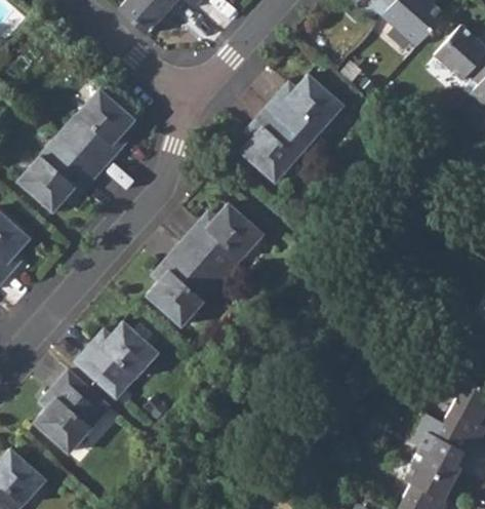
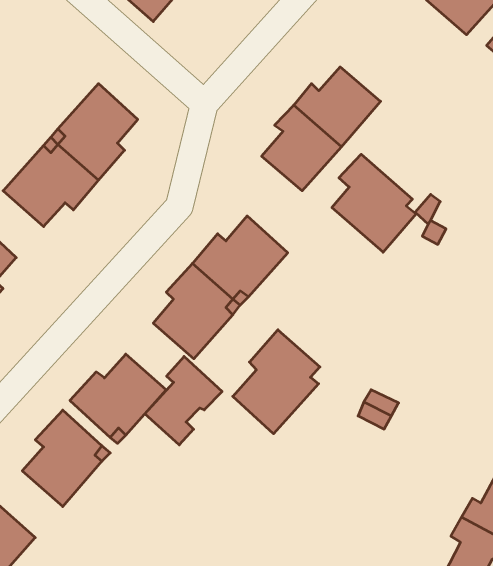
building: none -> [332,154,416,252]
building: none -> [233,330,320,434]
building: none -> [145,356,222,445]

